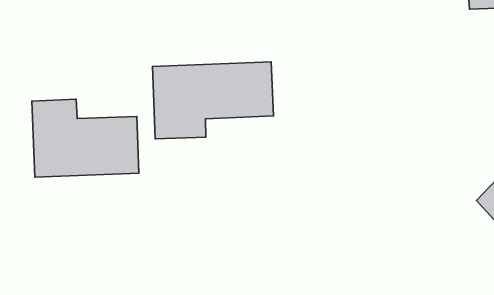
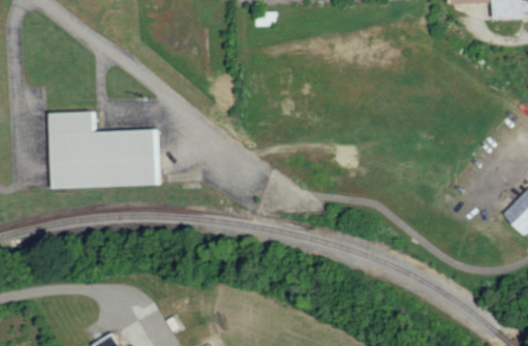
building: [152,62,274,139] -> none

